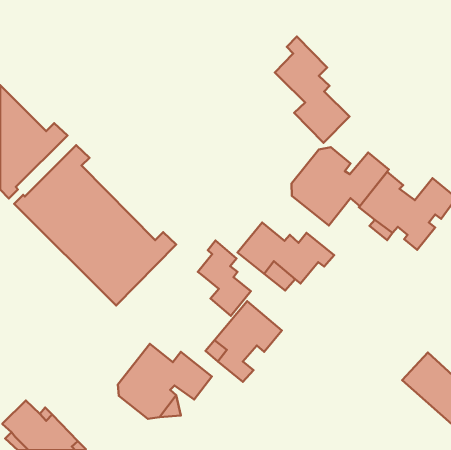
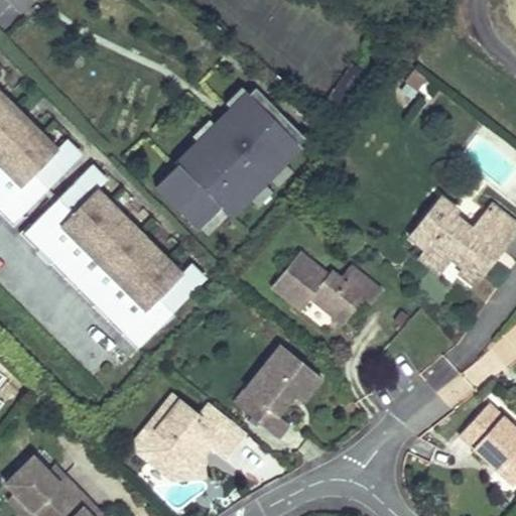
building: [275,36,349,143] -> none
building: none -> [155,86,307,234]
building: [291,147,389,226] -> none
building: [198,241,251,316] -> none

